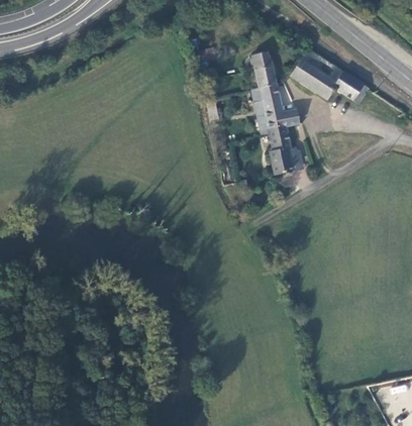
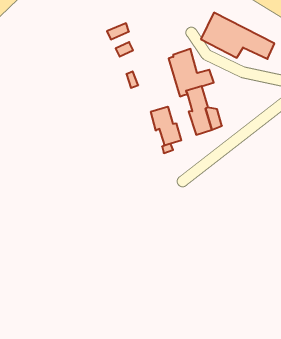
building: [250,48,278,88] -> none
building: none -> [151,107,181,145]

